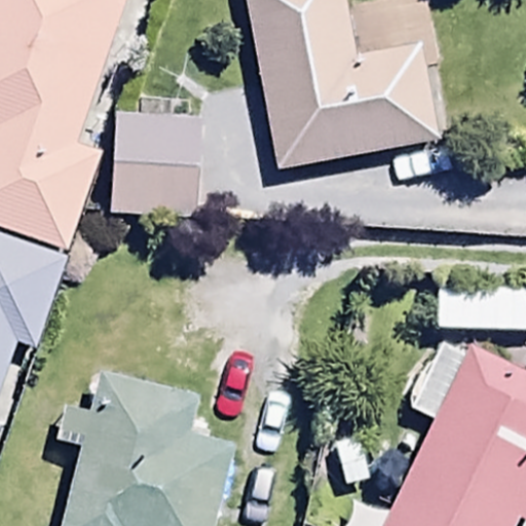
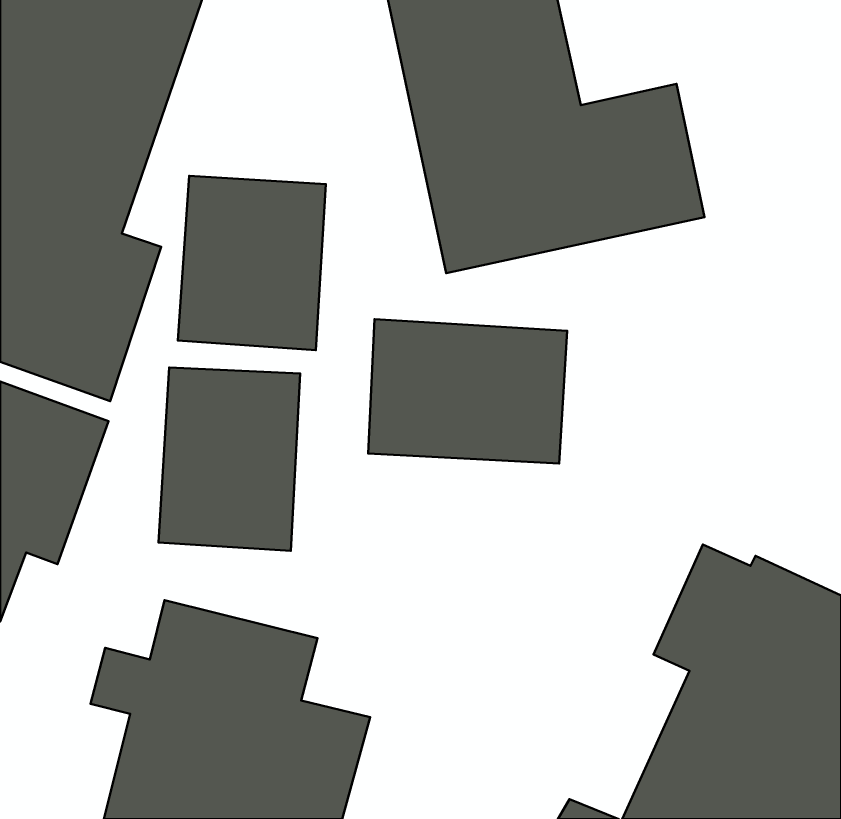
building: none -> [368,319,567,463]
building: none -> [159,368,300,551]

